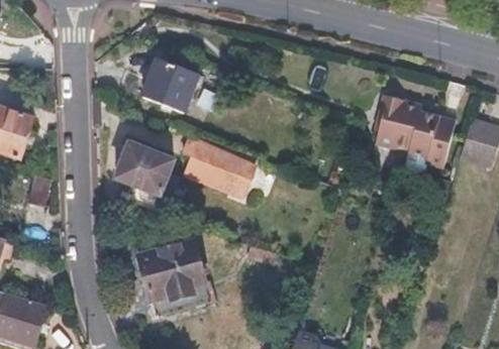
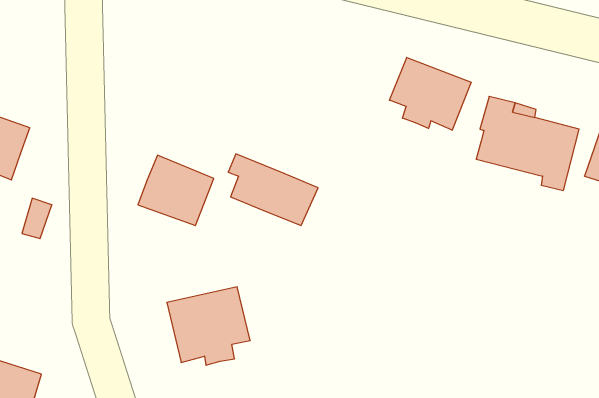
building: [143,57,198,110] -> none
building: none -> [389,57,471,130]

